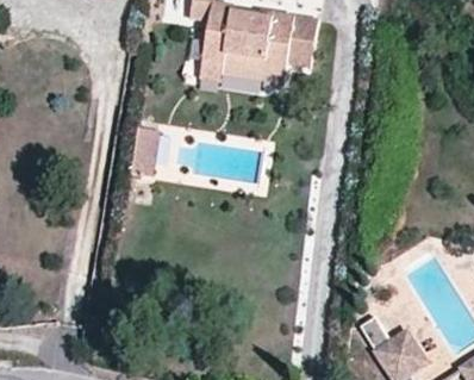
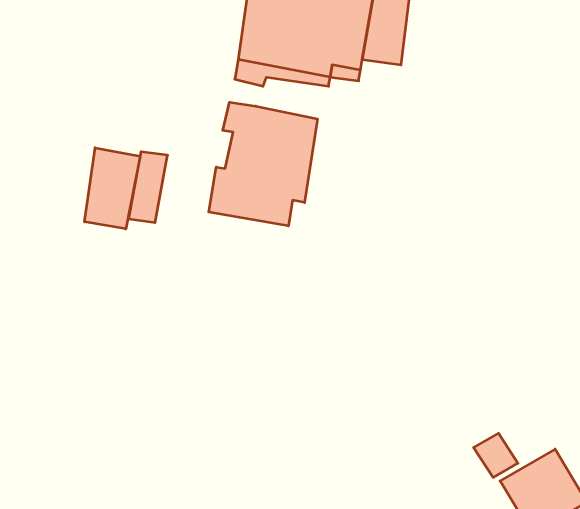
building: none -> [209,102,317,226]
building: none -> [85,148,140,229]

